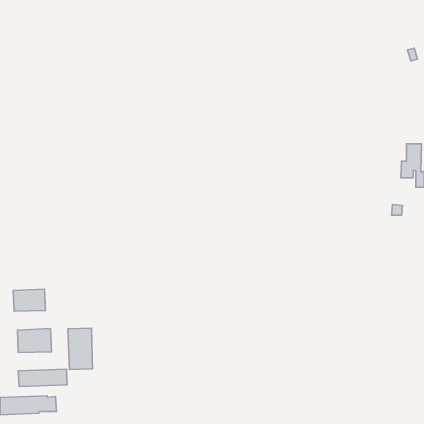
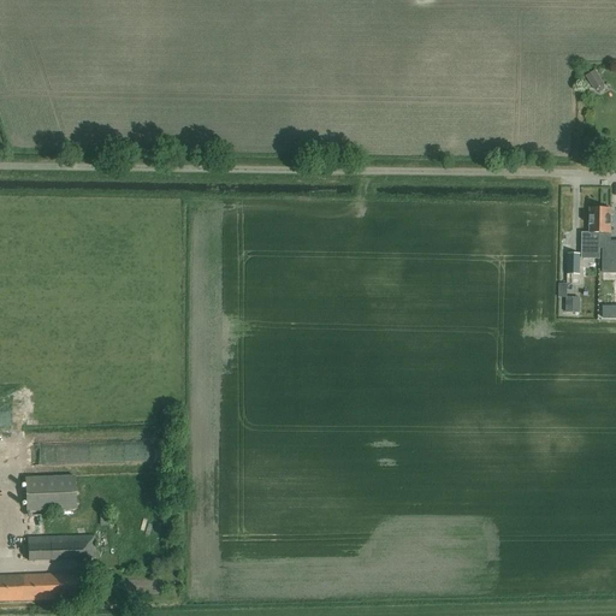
building: [13,289,45,311] -> none
building: [68,328,92,370] -> none

